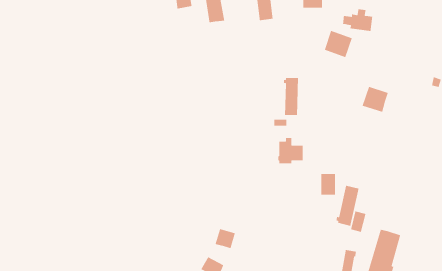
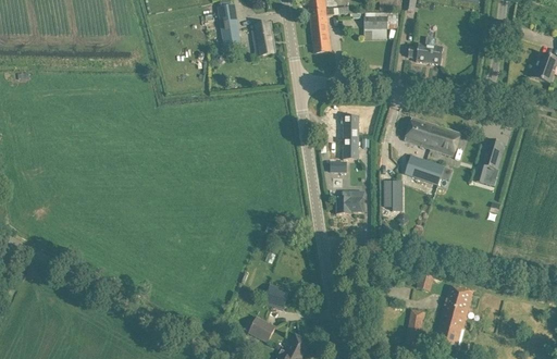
building: [324,30,353,58] -> [404,116,436,148]
building: none -> [474,138,504,186]
building: none -> [411,157,443,185]
building: [320,173,336,199] -> [383,181,400,210]
building: [335,185,359,227] -> none

